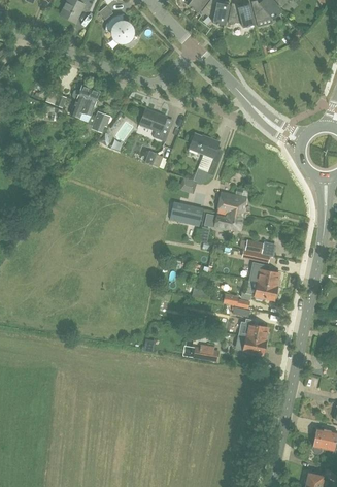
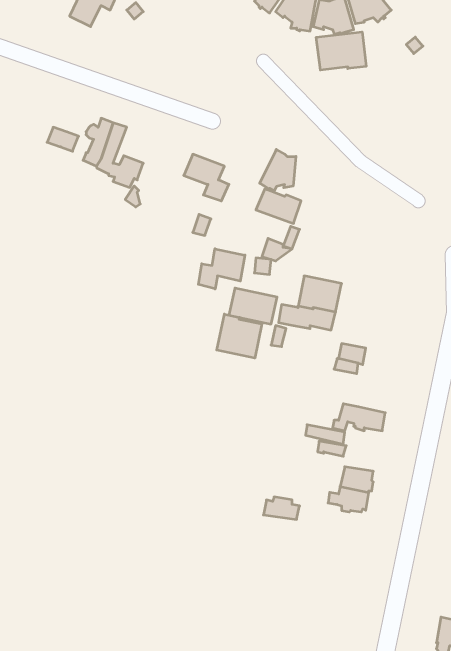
building: [104,14,133,42] -> none
building: none -> [316,32,366,70]
building: none -> [260,149,296,191]
building: none -> [198,249,245,289]
building: none -> [217,314,262,358]
building: [247,261,280,287] -> none

